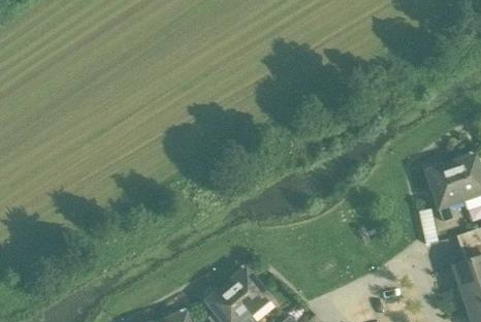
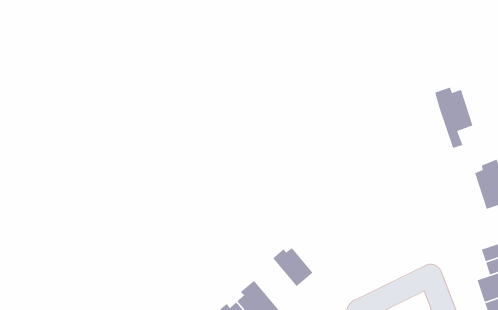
building: [424,163,461,222] -> [434,87,473,149]
building: none -> [272,247,314,287]

